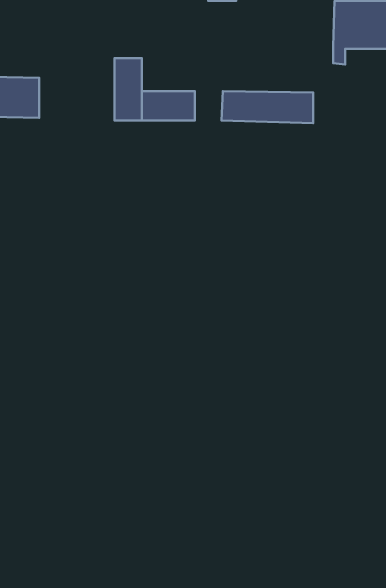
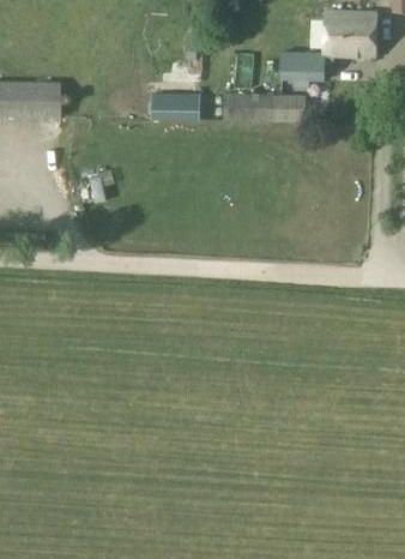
building: none -> [280,53,324,86]
building: [114,58,142,120] -> none

